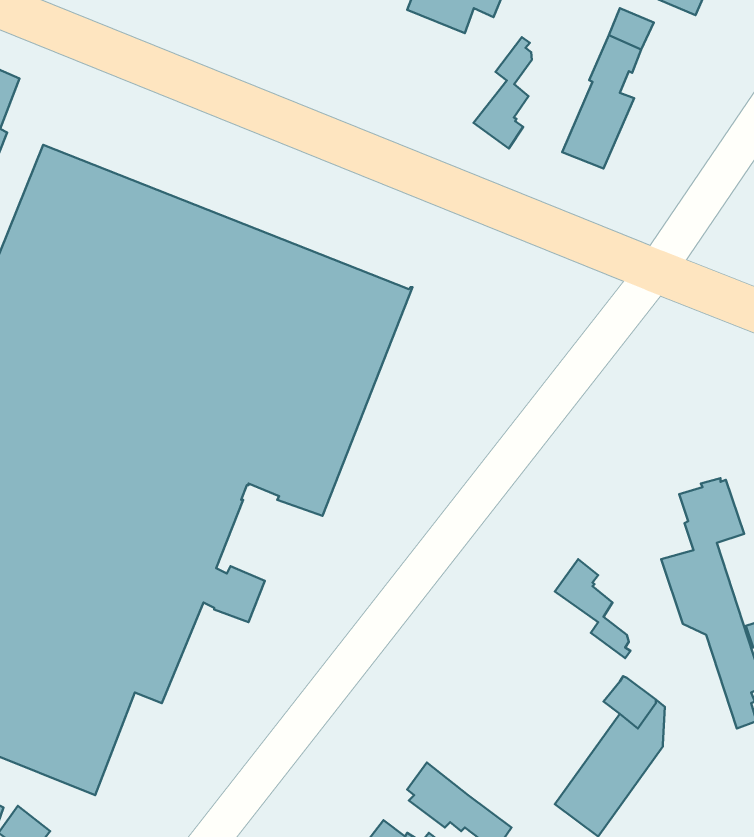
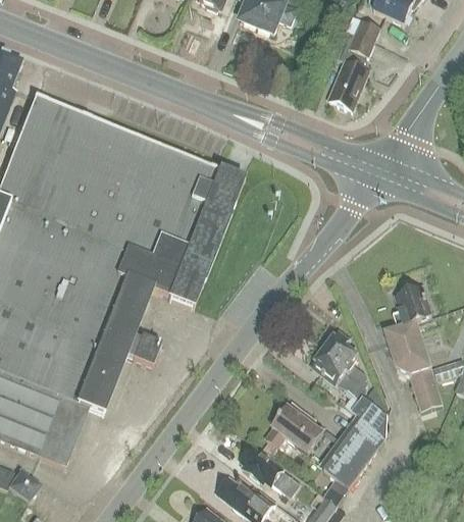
building: [473,37,532,148] -> none
building: none -> [312,348,366,399]
building: none -> [265,400,322,452]

